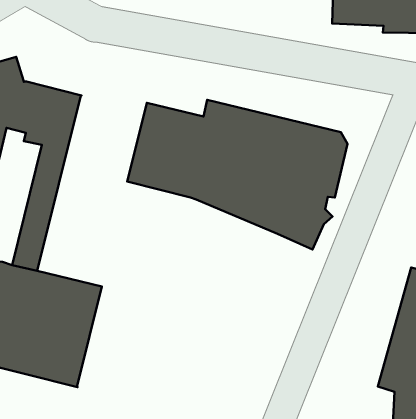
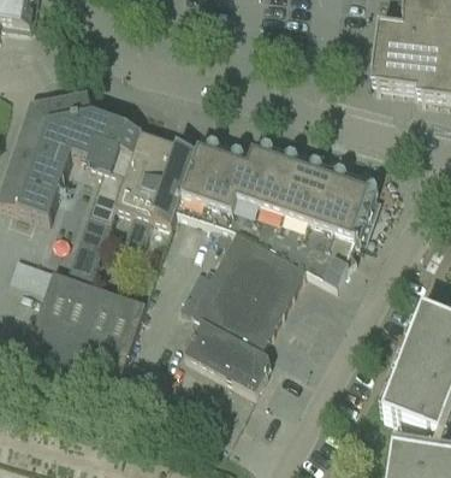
building: none -> [114,129,197,241]
building: none -> [183,231,305,393]

